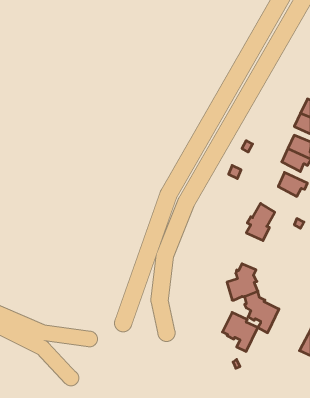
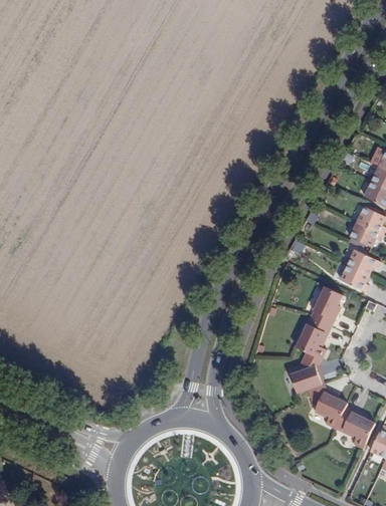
building: none -> [340,264,369,291]
building: none -> [294,316,330,358]
building: [222,312,258,351] -> [336,406,376,450]

